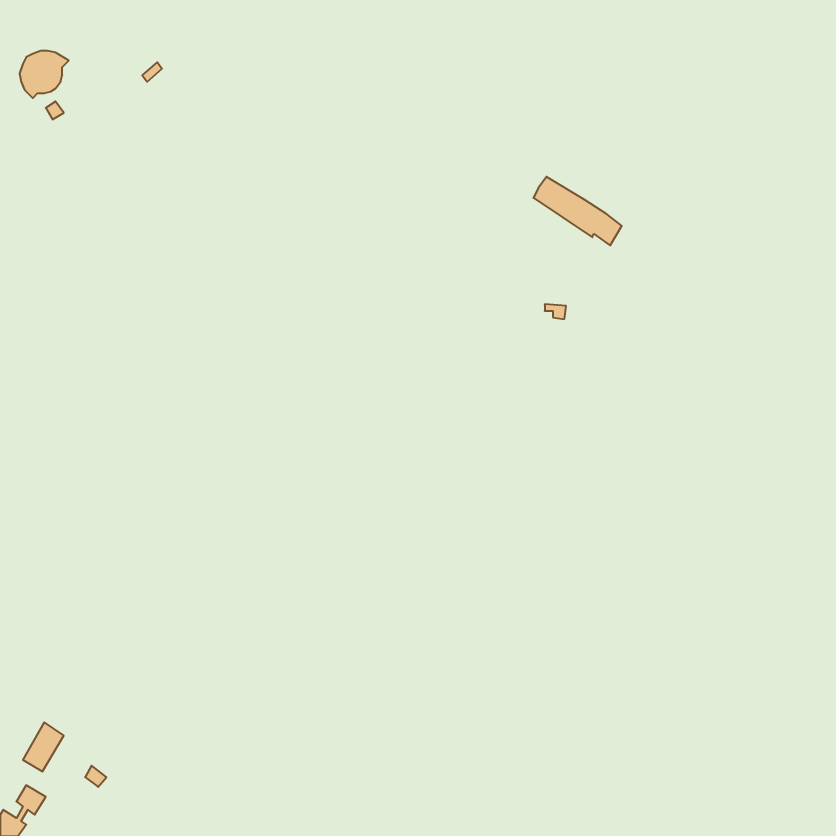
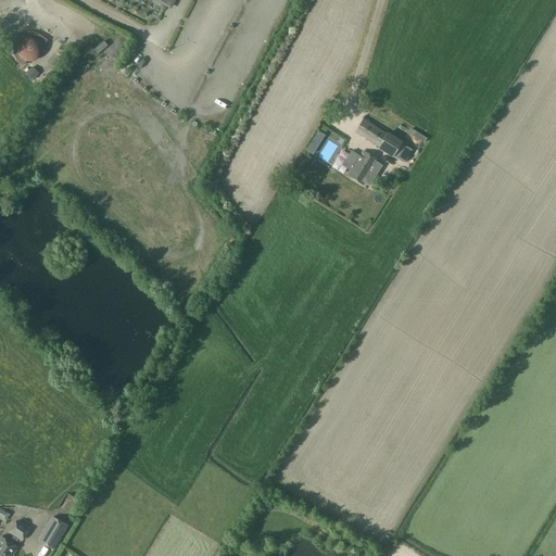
building: none -> [342,150,383,186]
building: [23,722,64,771] -> [39,517,66,549]

